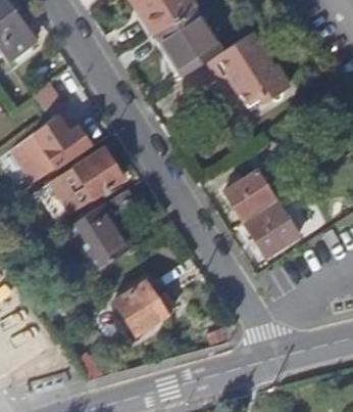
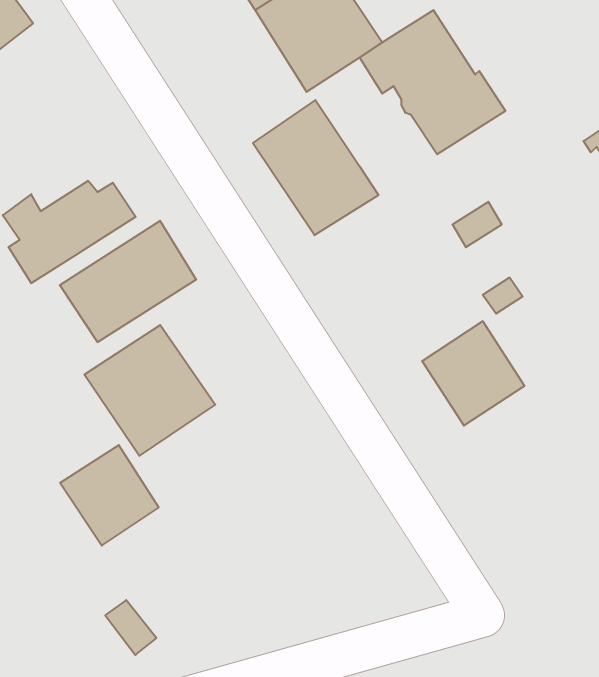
building: none -> [253,100,378,235]
building: [223,170,273,218] -> none
building: [113,280,166,334] -> [60,445,159,546]

